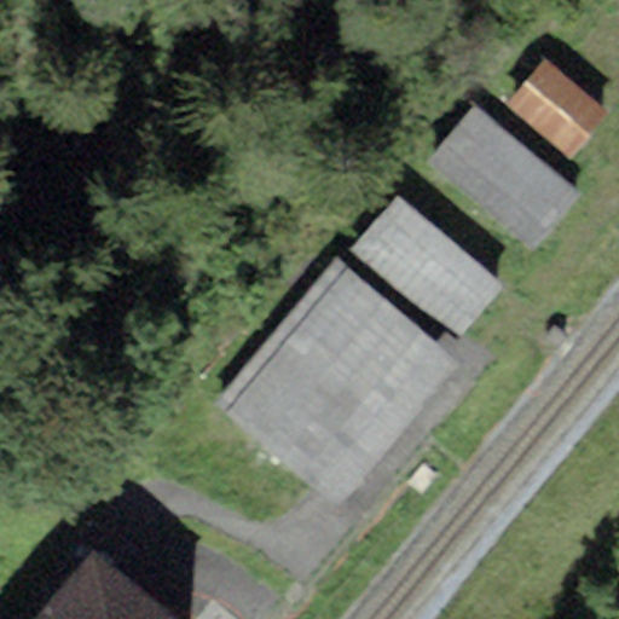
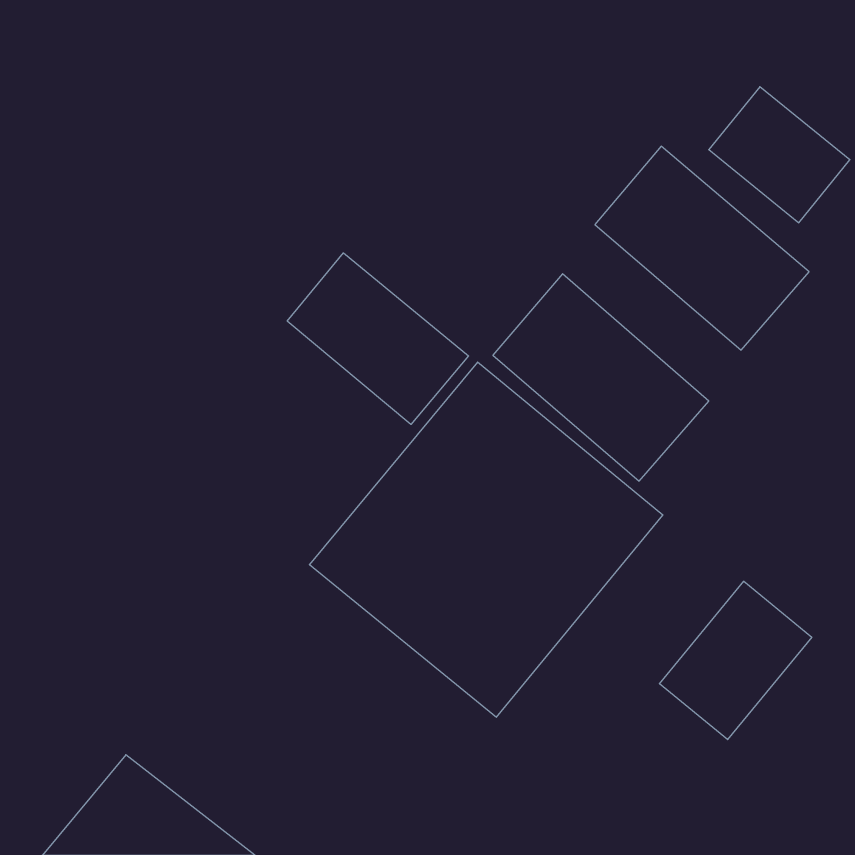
building: none -> [287,253,469,424]
building: none -> [659,581,812,740]

